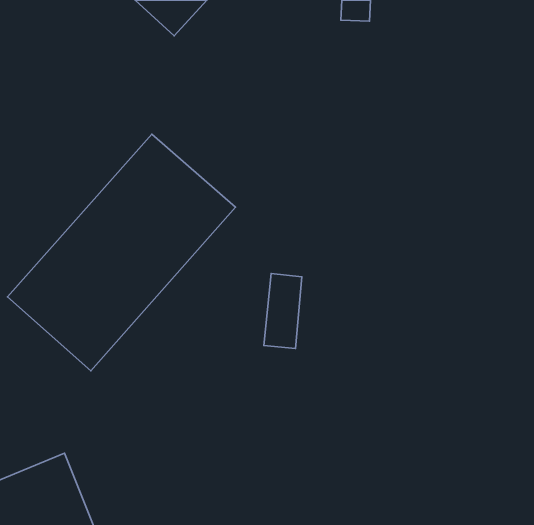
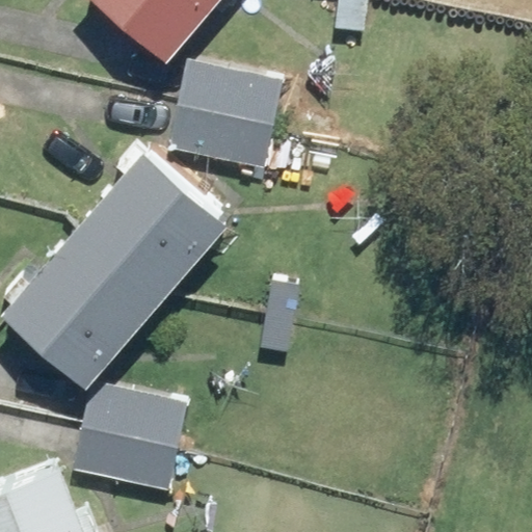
building: none -> [171,65,285,169]
building: none -> [72,385,182,490]

